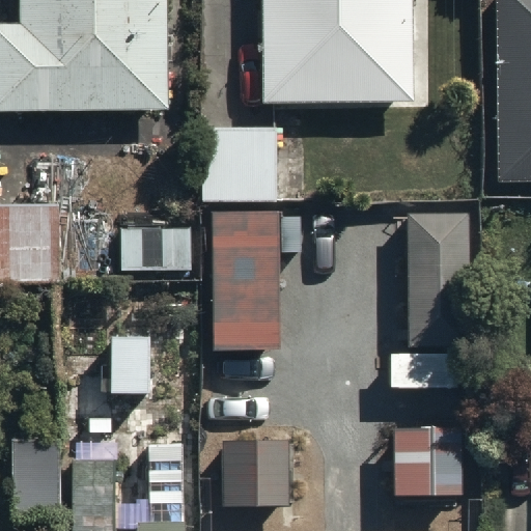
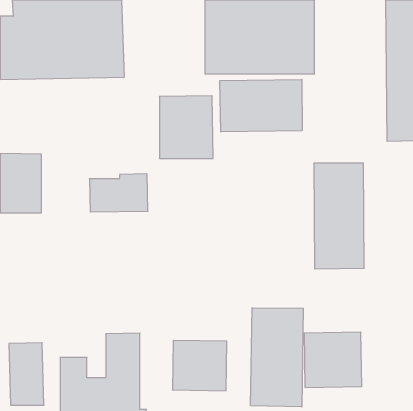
building: none -> [220,79,302,132]
building: [218,211,281,344] -> none
building: none -> [251,308,303,407]

